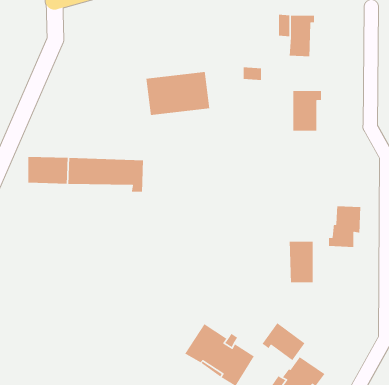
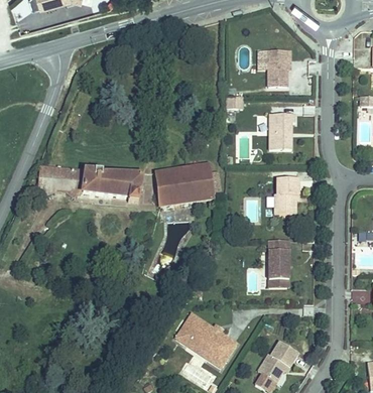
building: [145,71,210,116] -> [157,166,213,205]
building: [328,205,361,248] -> [271,177,299,214]
building: [262,322,306,361] -> none

